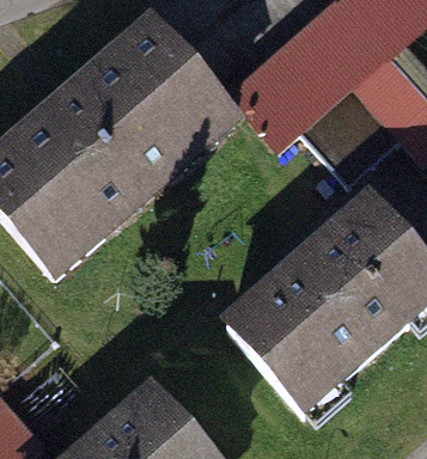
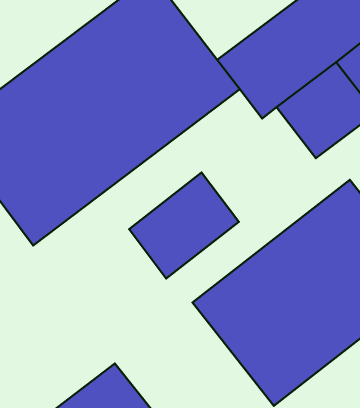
building: none -> [129,173,239,278]

